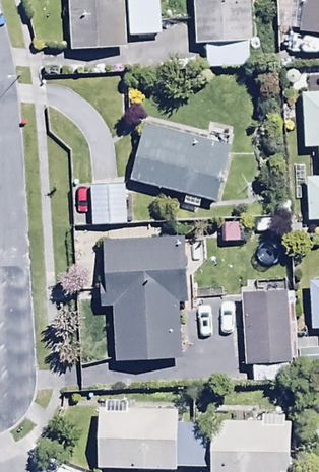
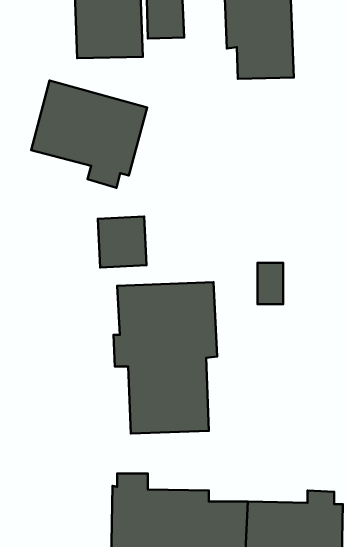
building: [132,121,229,210] -> [31,81,147,188]
building: [241,291,292,380] -> none

